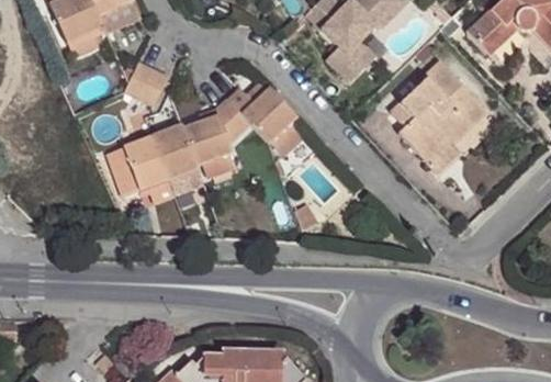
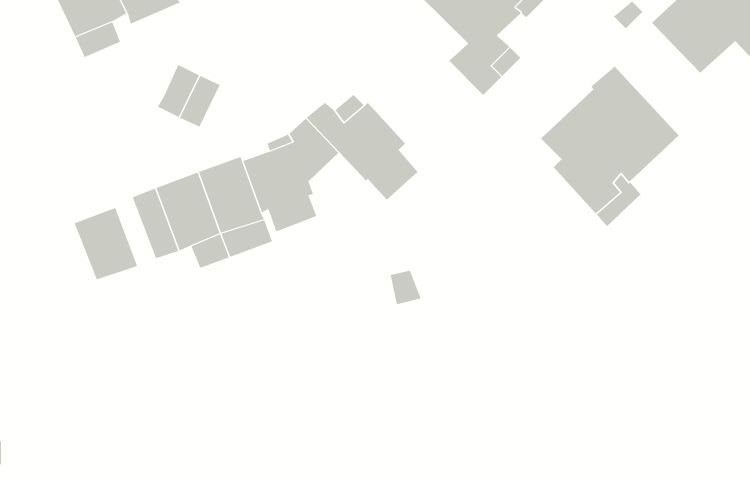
building: none -> [74,207,138,280]

